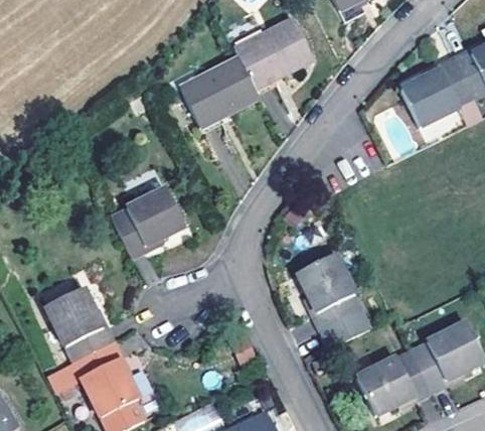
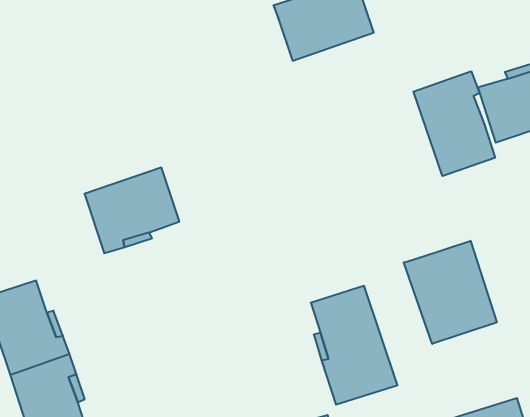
building: [180,56,258,126] -> none
building: none -> [413,71,495,176]
building: none -> [404,241,497,344]

